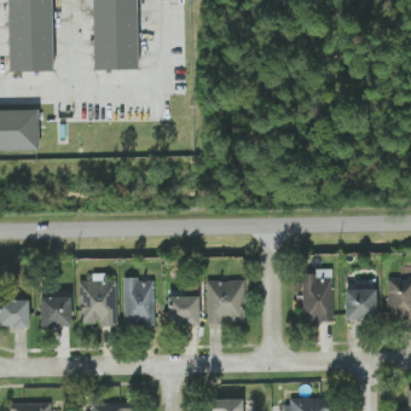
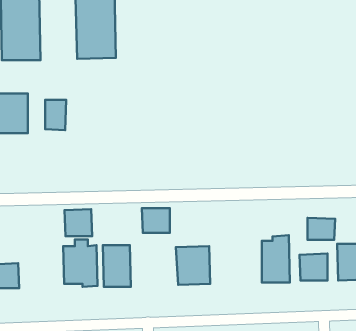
building: none -> [45,100,66,130]
building: none -> [308,218,335,240]
building: [40,296,71,326] -> [64,209,92,236]
building: [168,296,199,324] -> [142,208,170,233]

